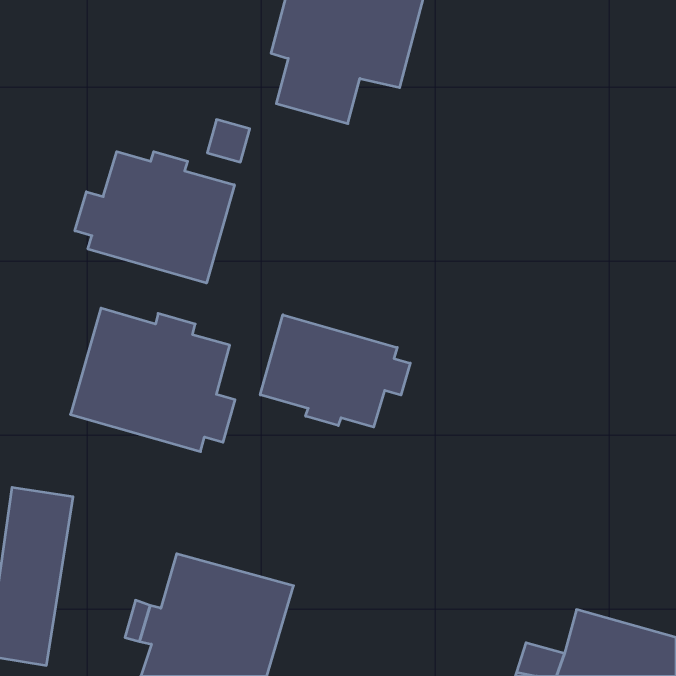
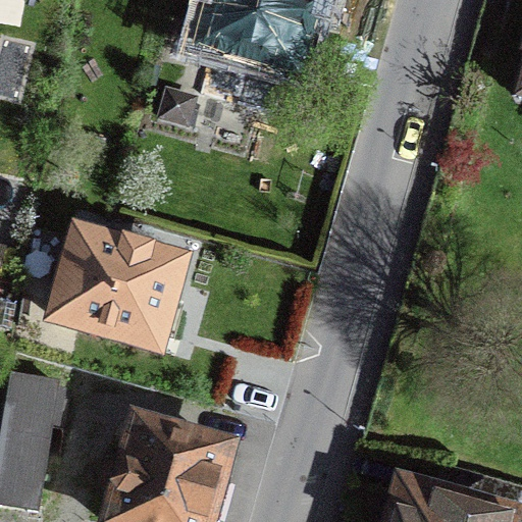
building: [75,152,234,283] -> none
building: [260,315,410,427] -> none

